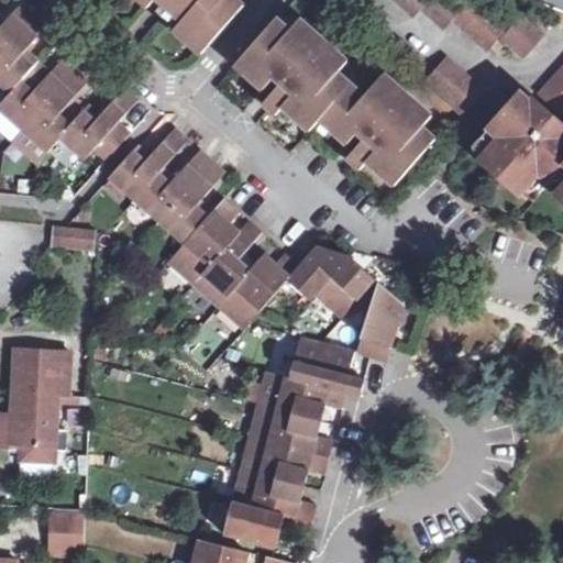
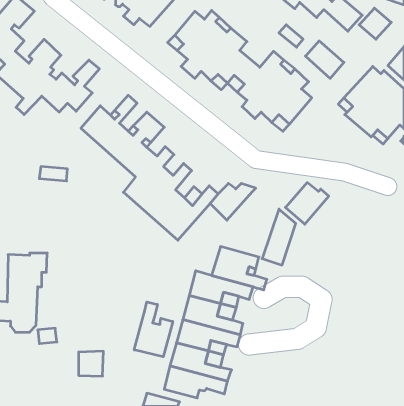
building: [317,263,376,320] -> [285,183,329,224]
building: none -> [134,302,173,357]
building: [51,514,85,548] -> [79,351,103,376]

